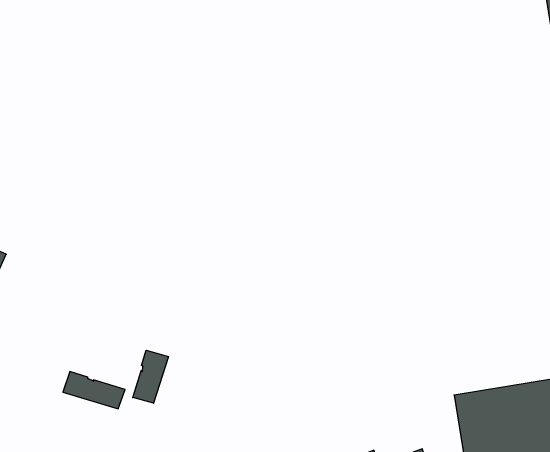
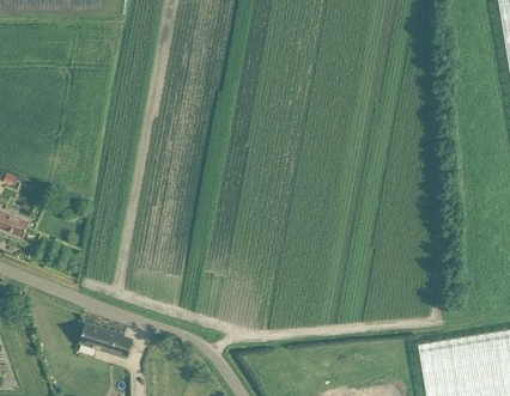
building: [133,350,168,403] -> none

